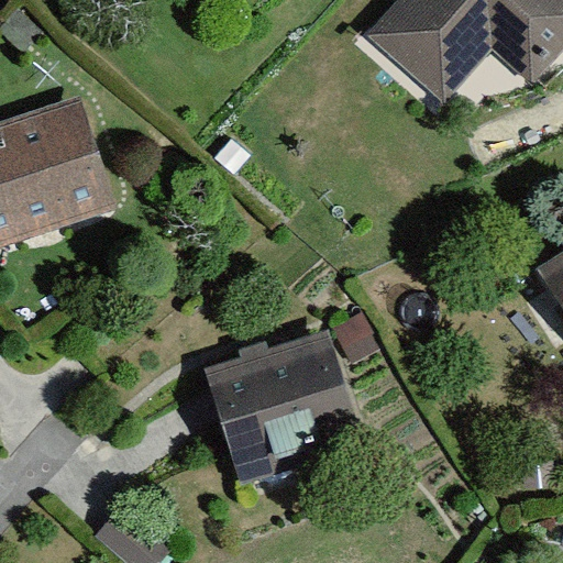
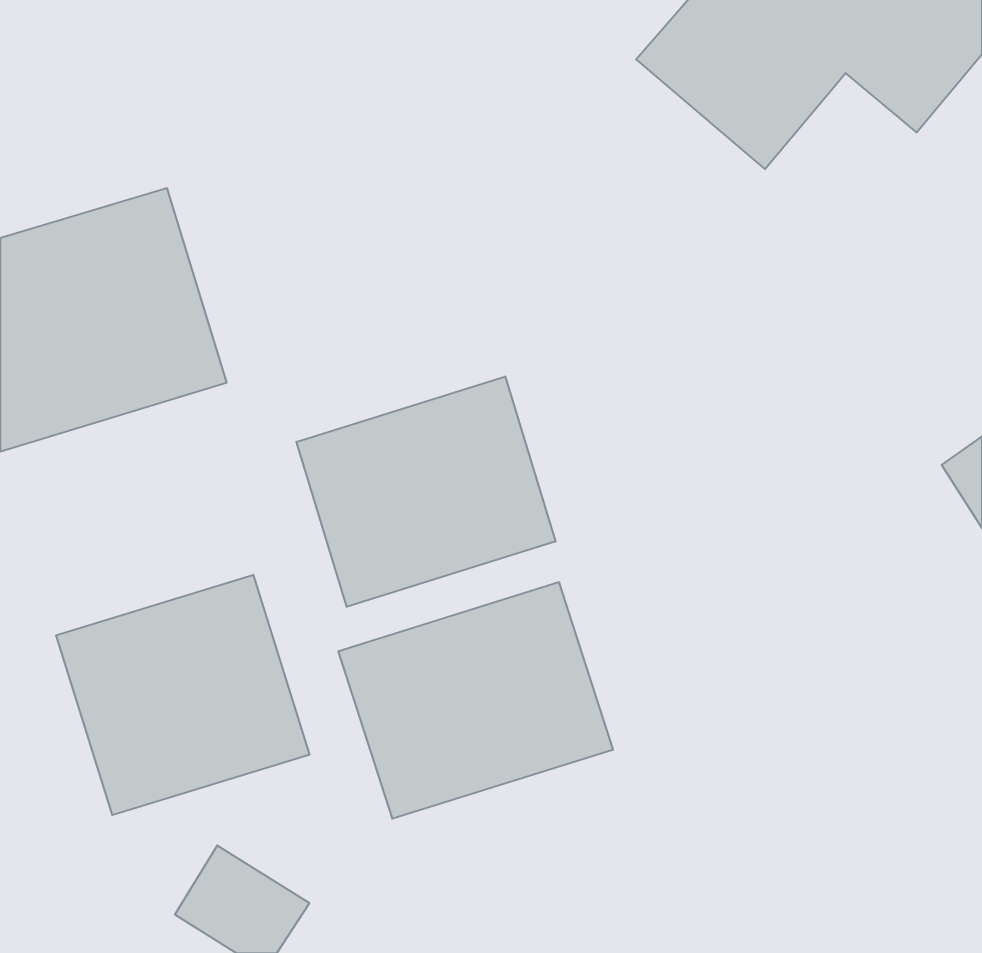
building: none -> [296,376,556,607]
building: none -> [56,575,310,815]

